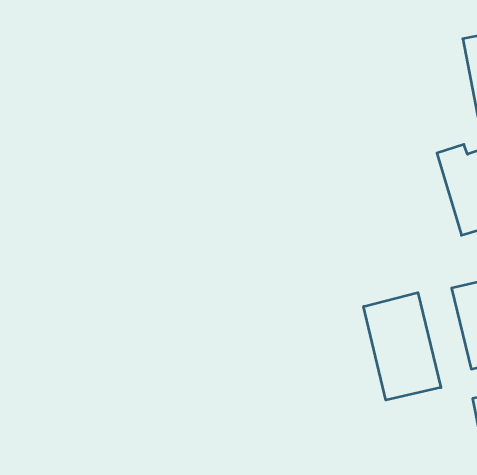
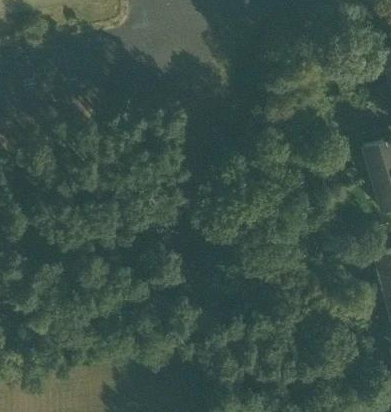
building: [364,293,441,400] -> none

